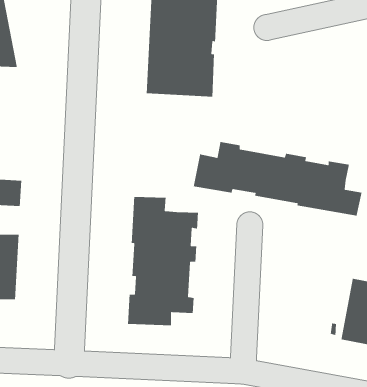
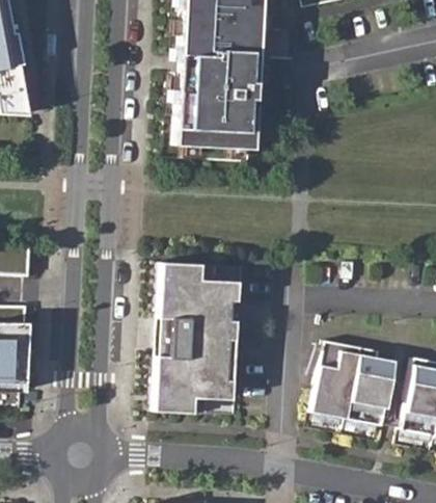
building: [193,141,363,217] -> none
building: none -> [314,341,394,425]

